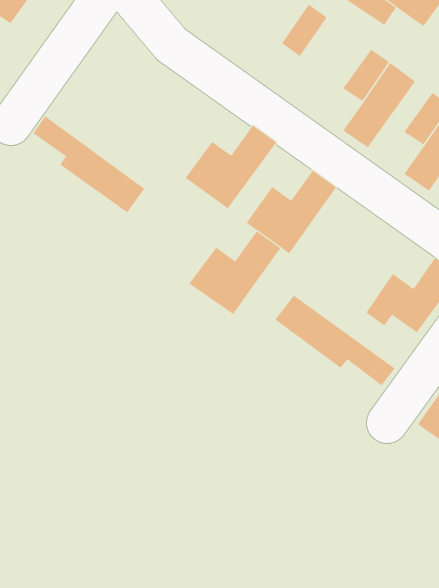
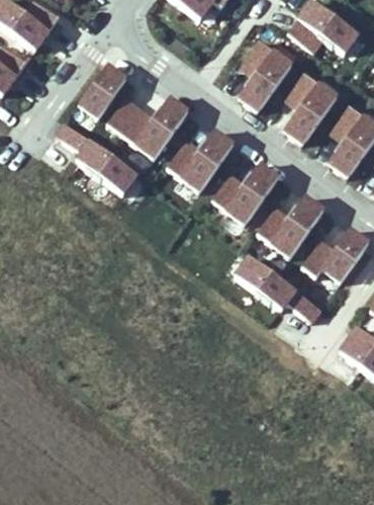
building: none -> [238,48,293,112]
building: none -> [77,66,125,119]
building: none -> [107,94,189,157]
building: [189,231,281,315] -> [256,194,324,257]

